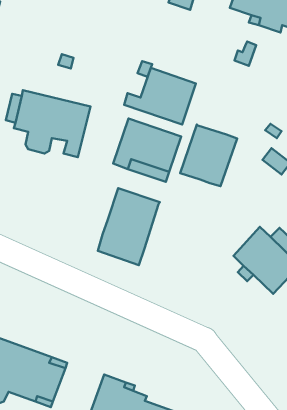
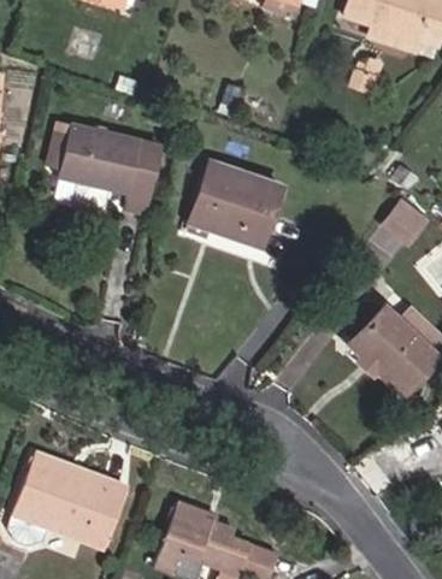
building: [124,68,196,124] -> none
building: [180,124,237,186] -> none
building: [98,188,160,265] -> none

